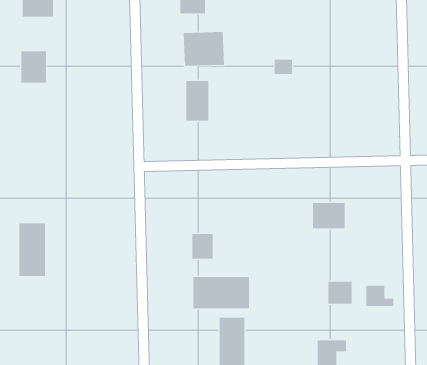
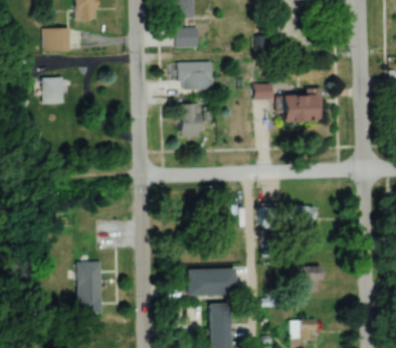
building: none -> [283,92,322,122]
building: [18,223,46,277] -> [78,262,102,307]
building: [192,233,213,260] -> none
building: [366,285,394,307] -> none

